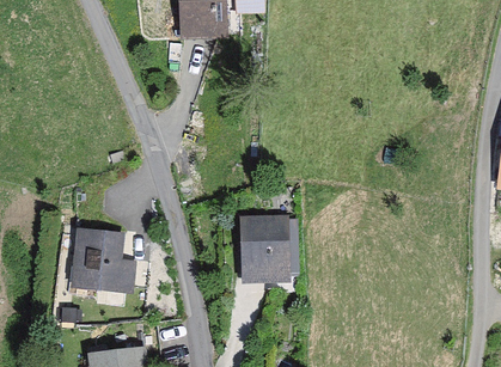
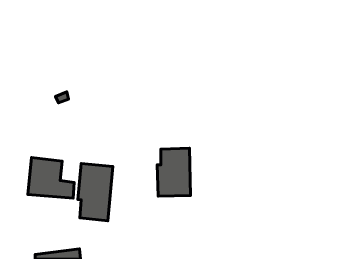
building: none -> [78,163,113,221]

